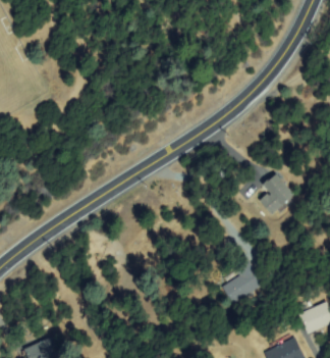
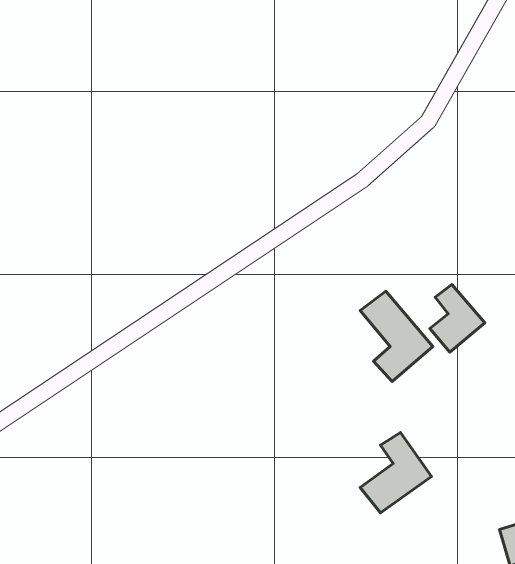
building: none -> [360,291,433,381]

